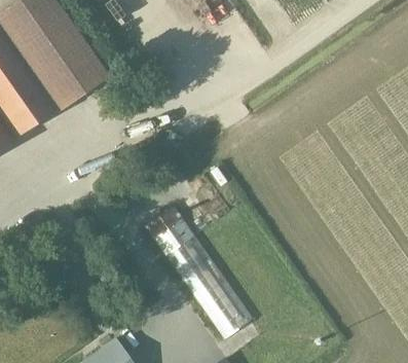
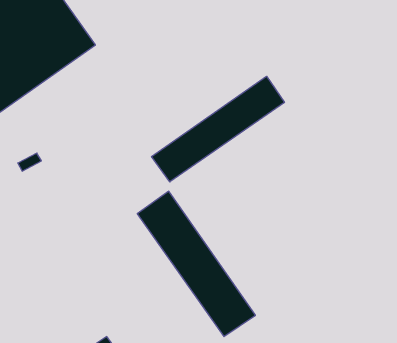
building: none -> [152,76,284,182]

